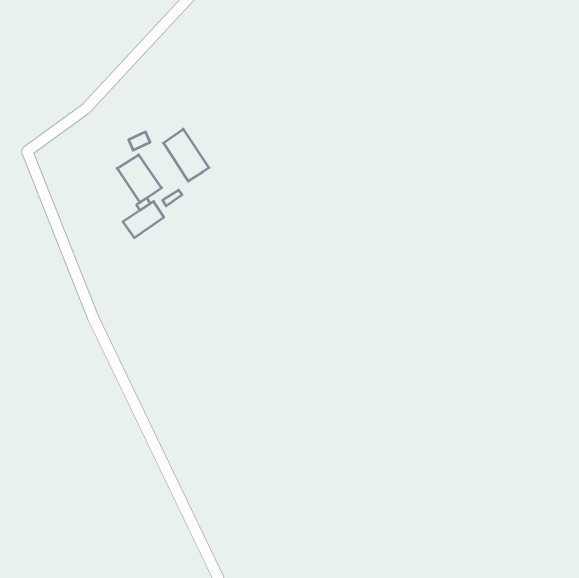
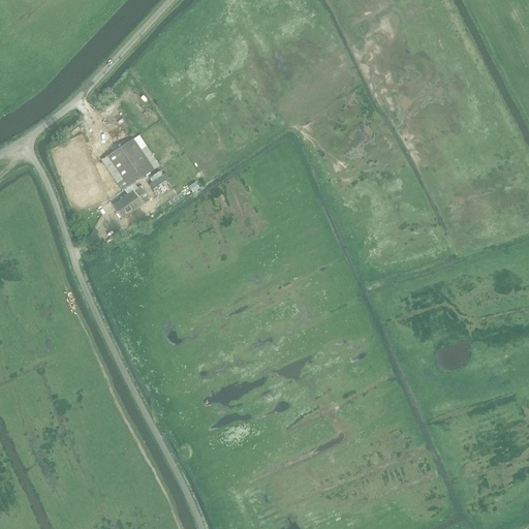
building: [163,129,209,181] -> none

